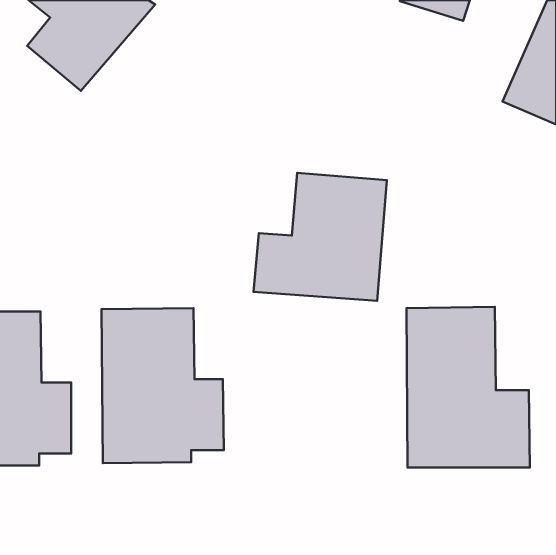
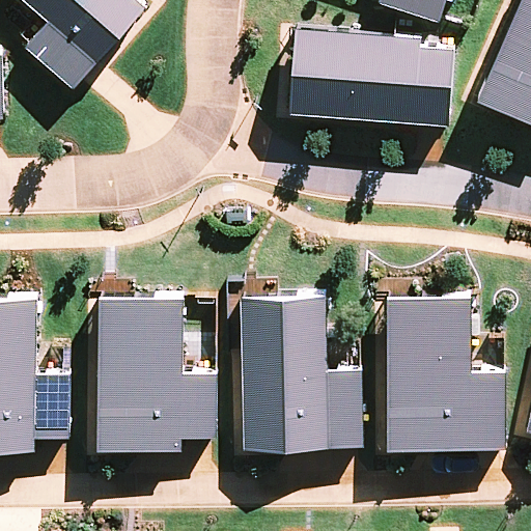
building: none -> [288,31,454,125]
building: [254,173,387,301] -> none
building: none -> [243,299,359,451]

